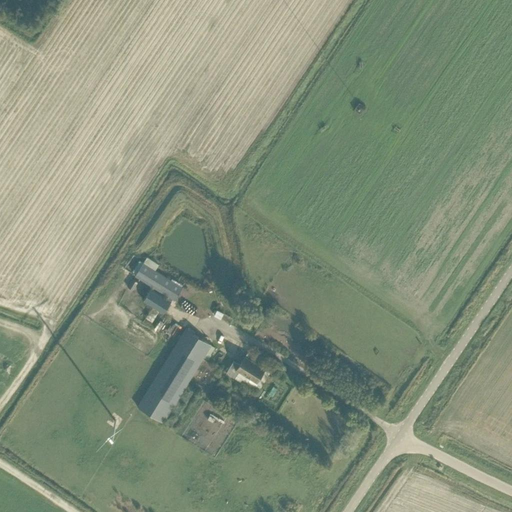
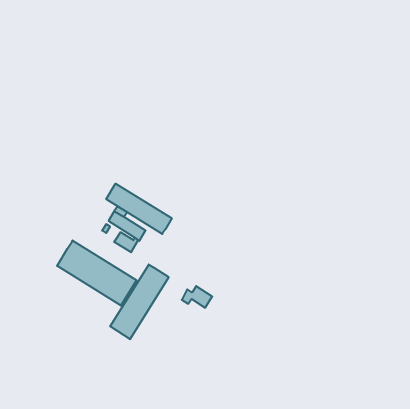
building: none -> [106,184,172,234]
building: none -> [57,240,136,306]

